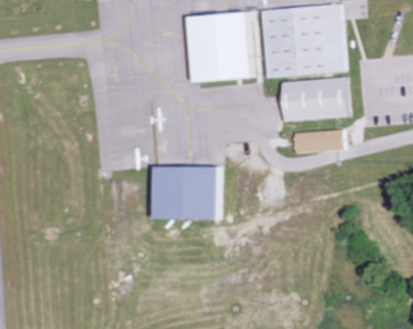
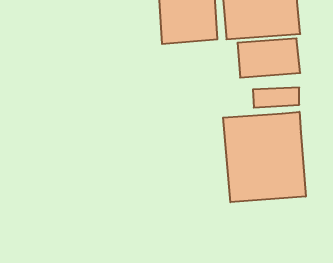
building: none -> [223,112,306,202]
building: [150,163,221,217] -> none

